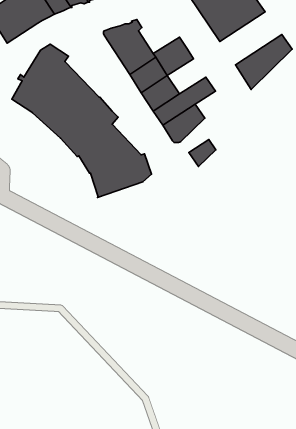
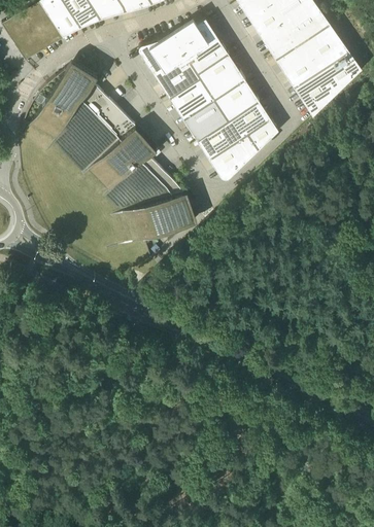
building: none -> [177,17,228,72]
building: none -> [275,23,348,85]
building: none -> [213,78,259,119]
building: [189,139,216,166] -> [246,116,278,148]

